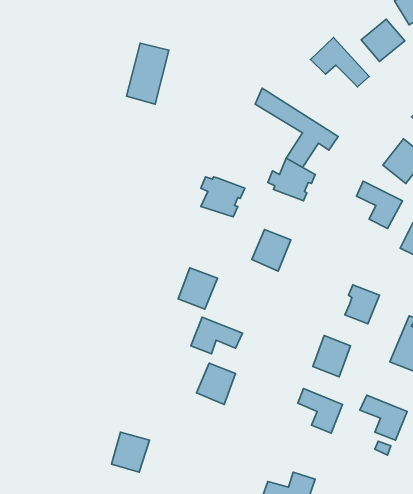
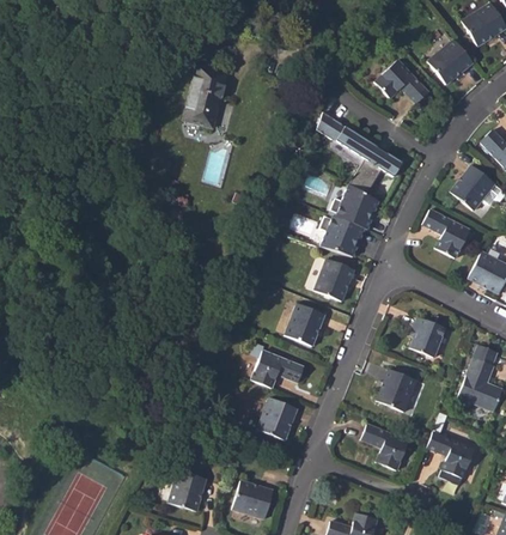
building: [201,177,245,217] -> [319,215,365,257]
building: [178,268,217,309] -> [285,303,325,346]
building: none -> [232,480,273,518]

